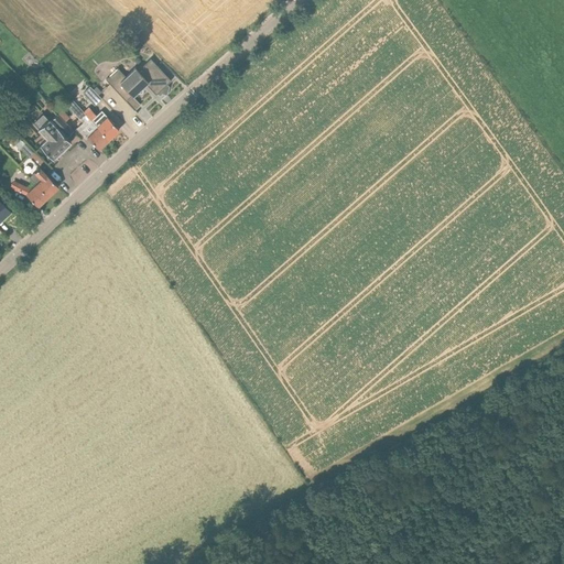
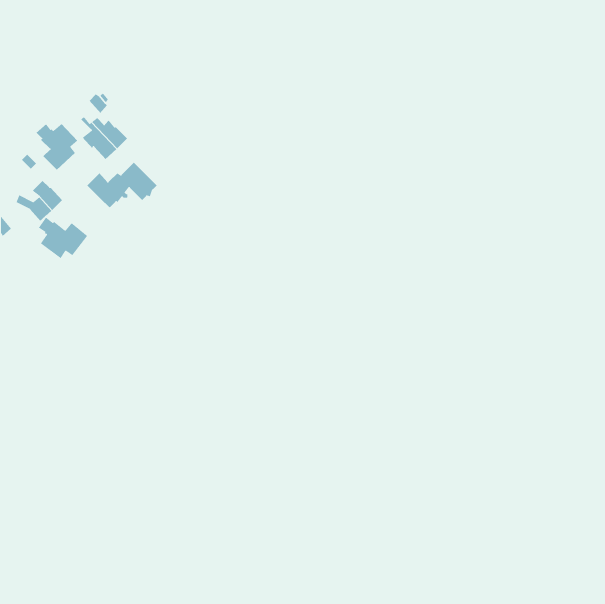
building: [105,59,171,115] -> [87,162,158,221]
building: none -> [38,216,88,259]

